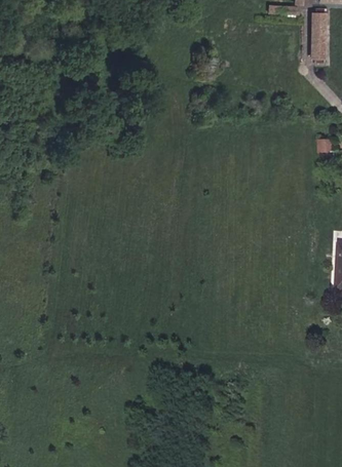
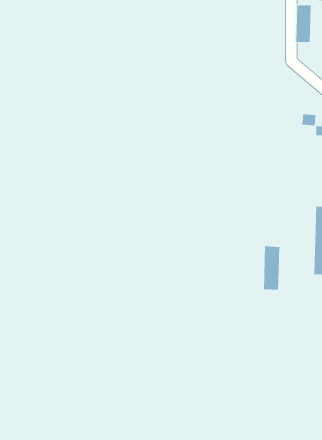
building: none -> [263,246,280,291]

